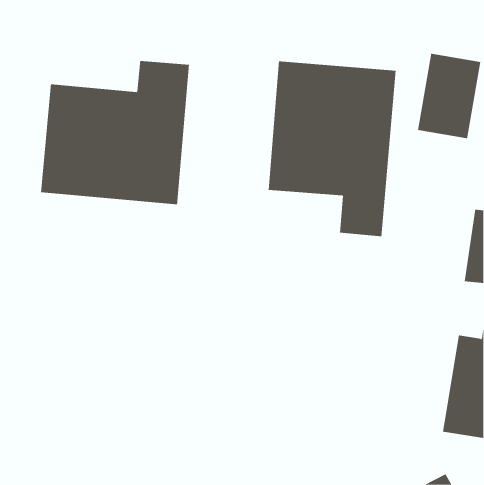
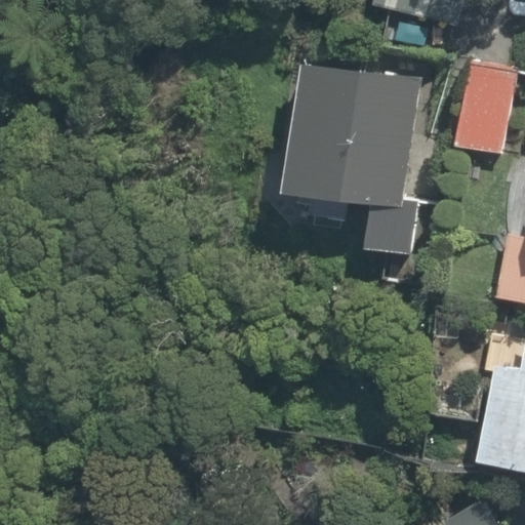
building: [40,60,189,205] -> none

